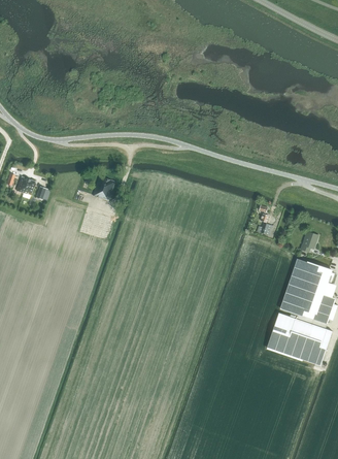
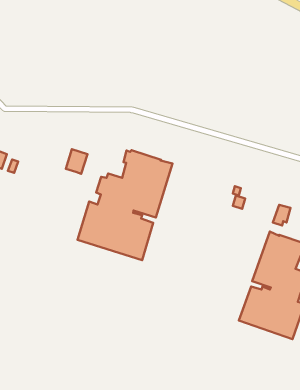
building: none -> [77,150,172,260]

